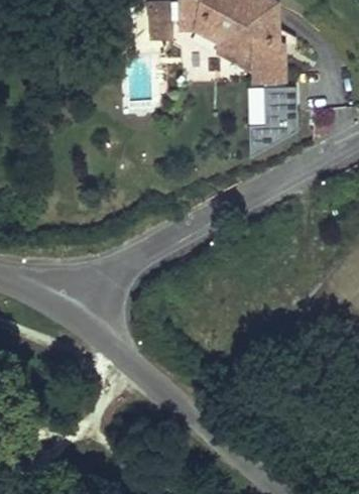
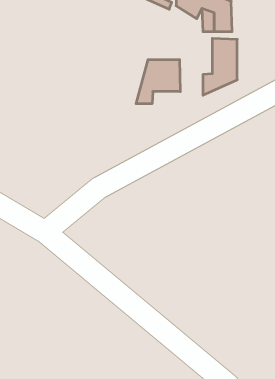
building: none -> [136,60,180,104]

